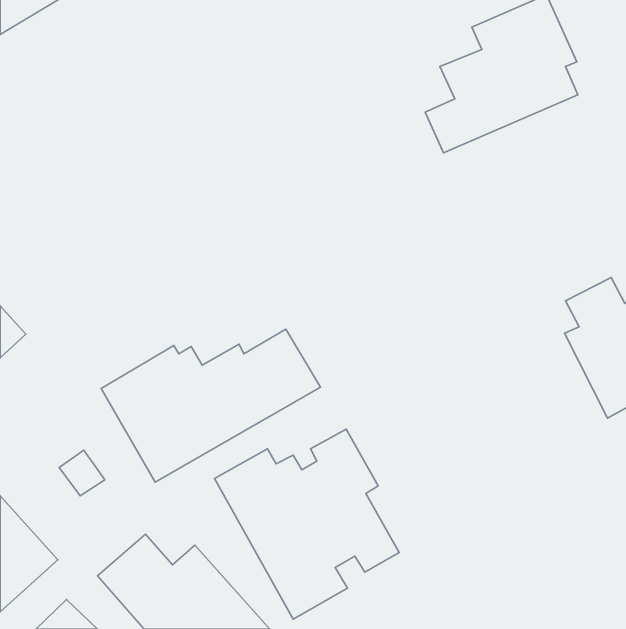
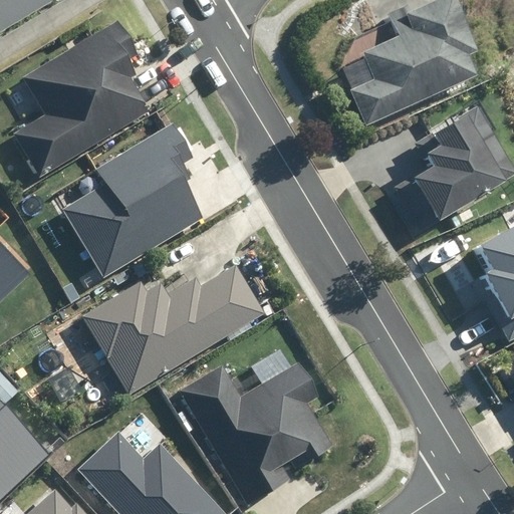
building: none -> [15,22,151,180]
building: none -> [400,99,505,223]
building: none -> [62,122,200,278]

